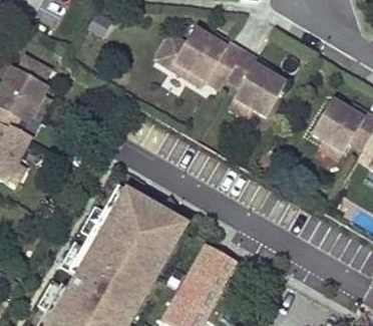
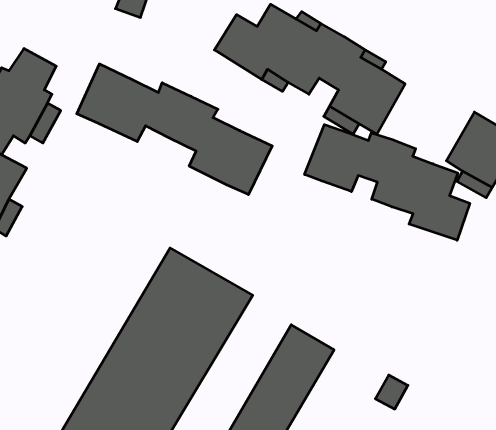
building: none -> [77,64,272,195]
building: none -> [305,125,470,240]

